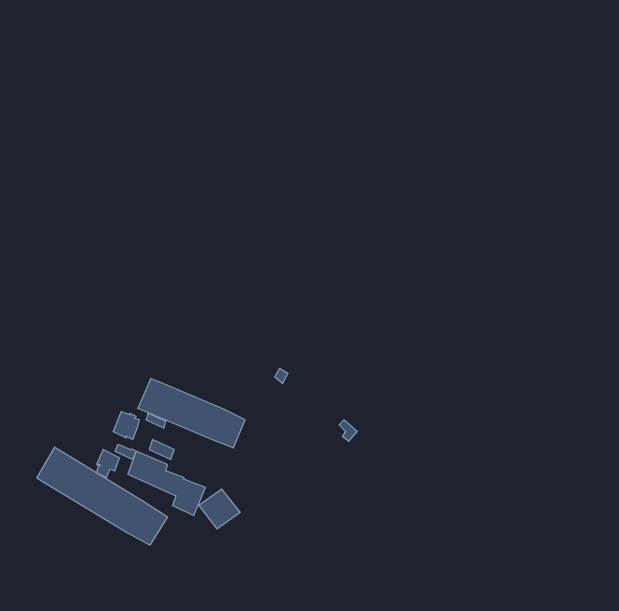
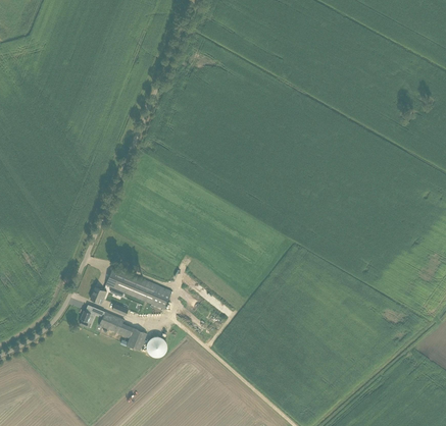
building: [37,447,167,545] -> none

